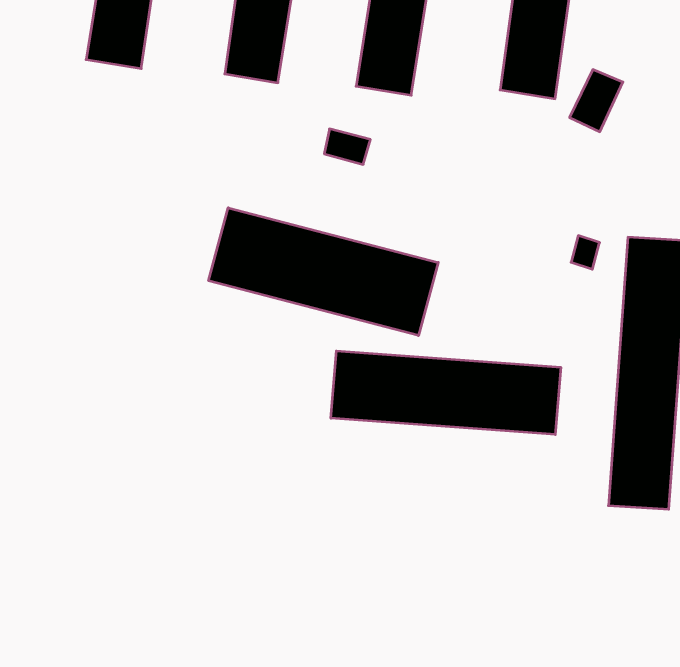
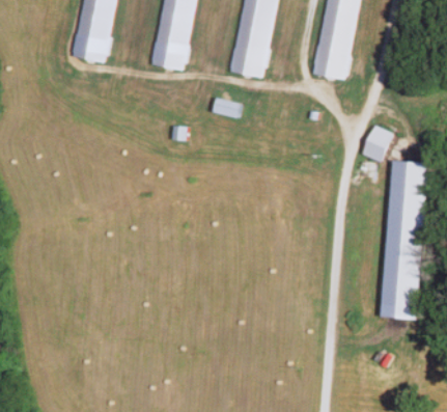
building: [570,70,623,132] -> [359,126,390,162]
building: [209,208,438,336] -> none
building: [331,351,561,435] -> none

